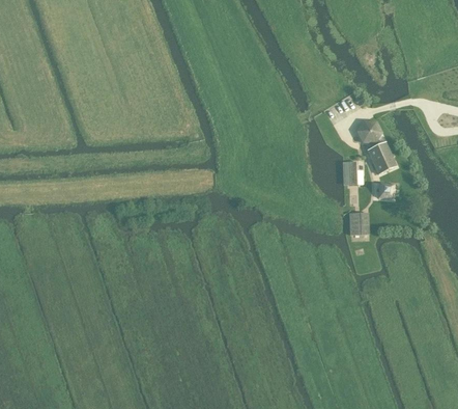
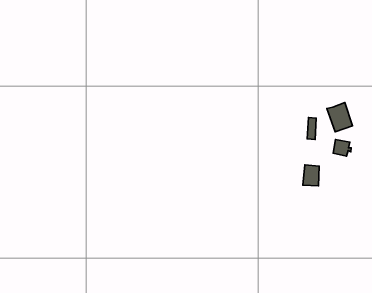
building: [355,120,380,148] -> none

